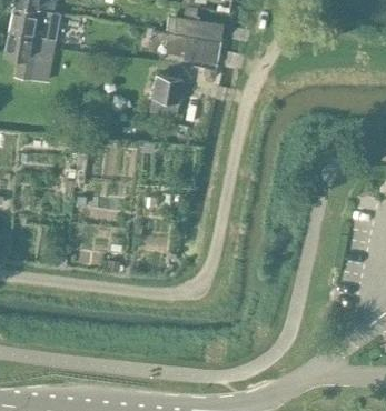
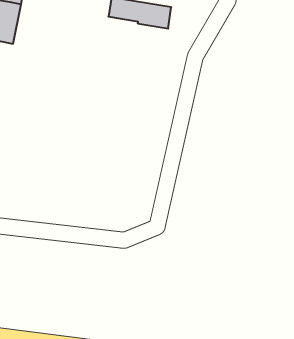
building: [152,76,185,116] -> none

